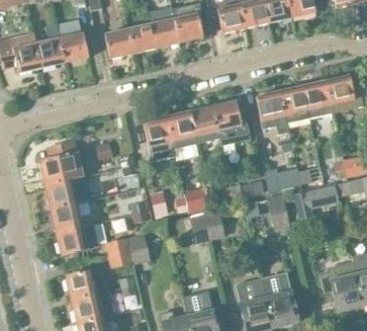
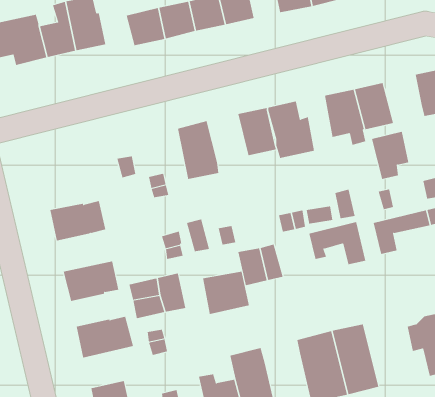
building: [302,80,332,117] -> [371,131,409,180]
building: [167,110,198,148] -> none
building: [40,141,84,184] -> none
building: [51,202,94,232] -> none
building: none -> [203,271,250,315]
building: [71,289,115,322] -> none

